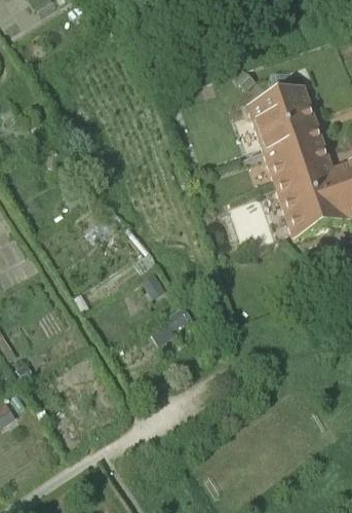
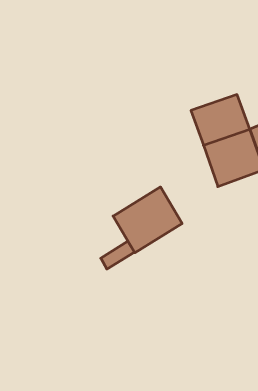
building: [246,83,317,143] -> none
building: none -> [113,187,182,253]

